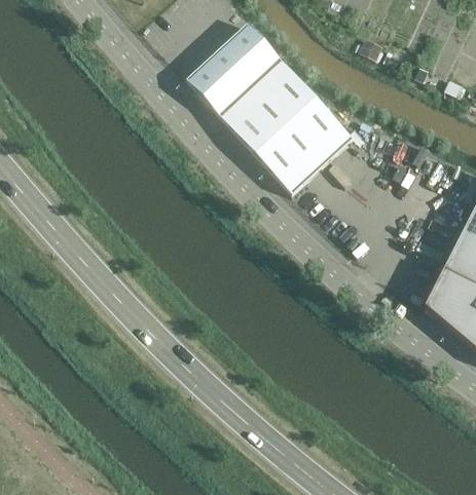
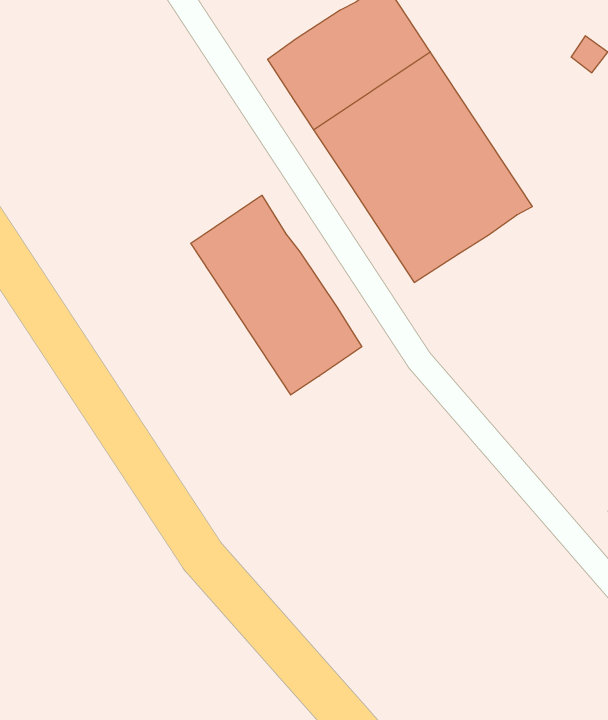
building: none -> [191,195,362,395]

